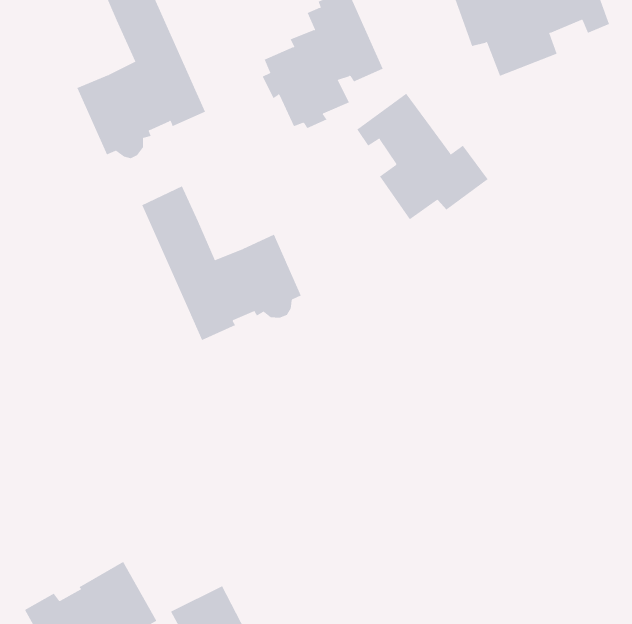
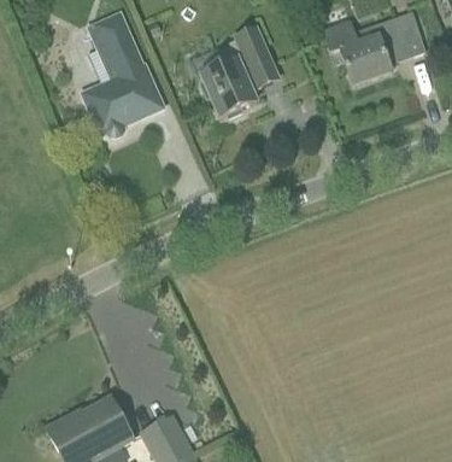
building: [357,93,488,220] -> none
building: [142,186,301,341] -> none

